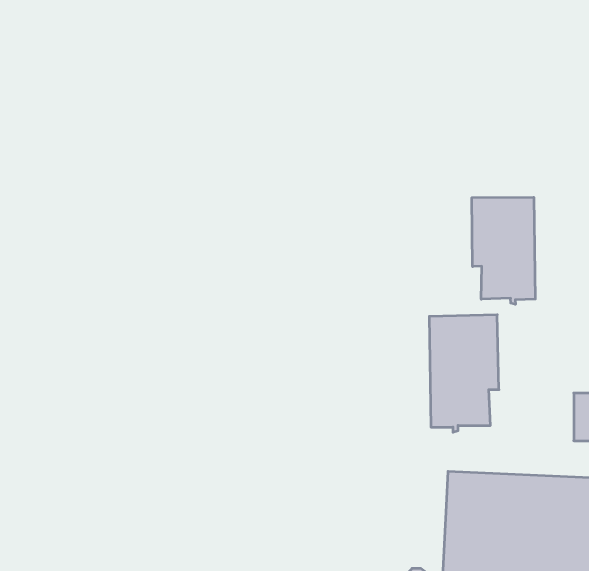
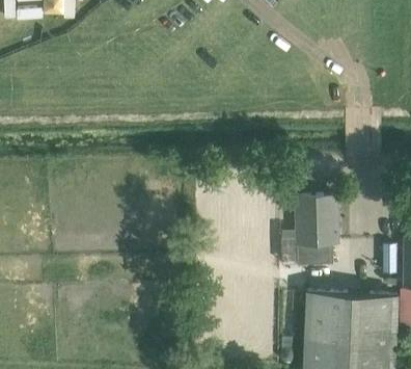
building: [472,197,535,304] -> none

